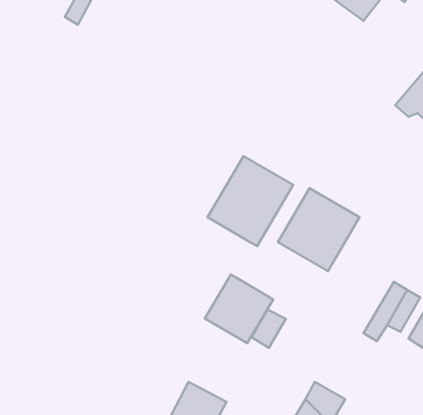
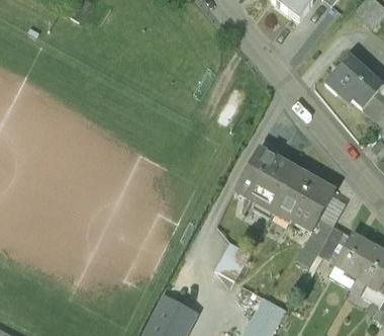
building: [207,156,293,246] -> none
building: none -> [276,170,335,232]
building: [205,275,273,343] -> none

